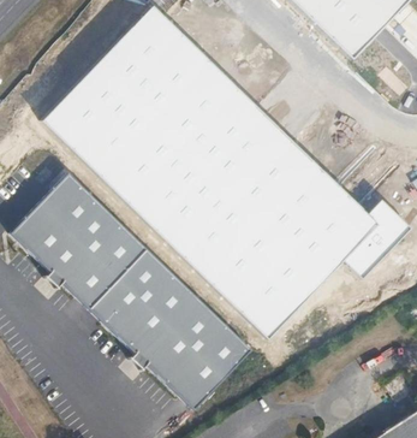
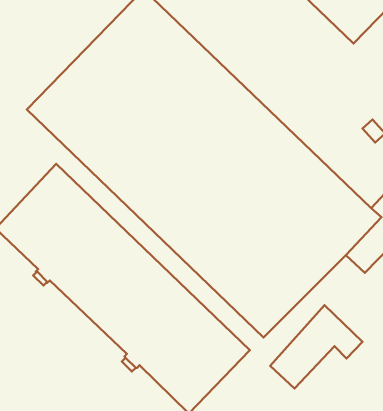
building: none -> [270,305,363,389]

